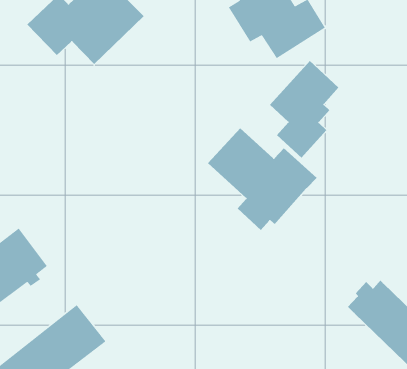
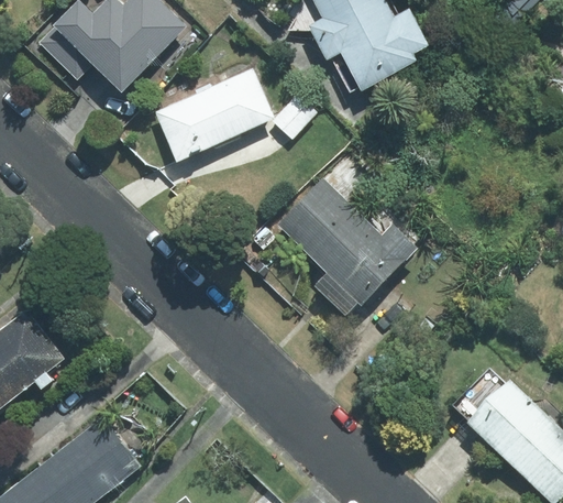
building: none -> [150,65,311,166]
building: [269,60,339,159] -> none

